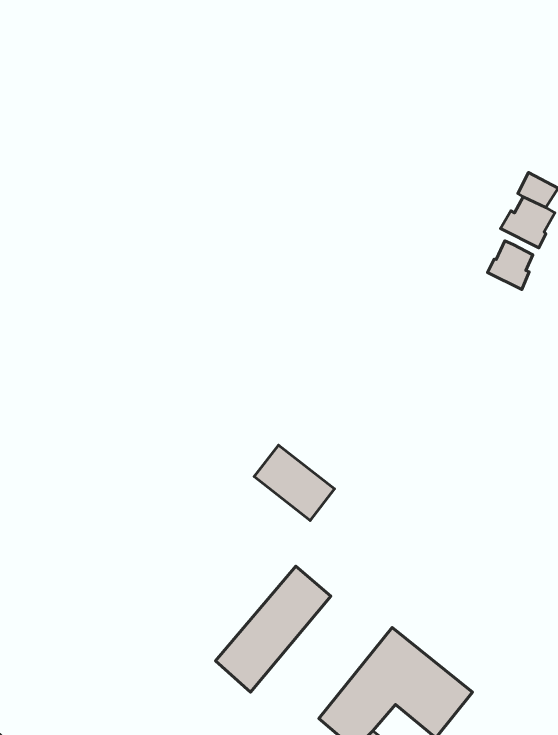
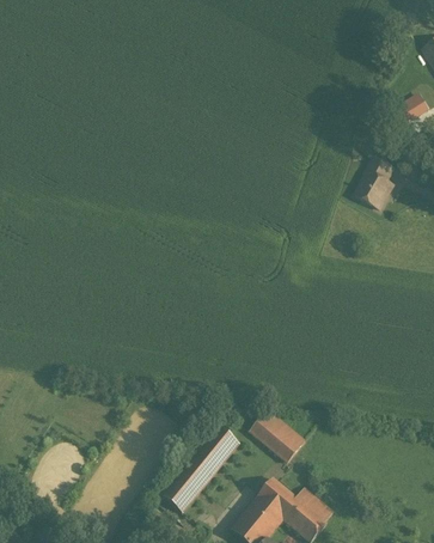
building: [488,241,533,290] -> none
building: [254,445,335,520] -> [250,410,305,462]

